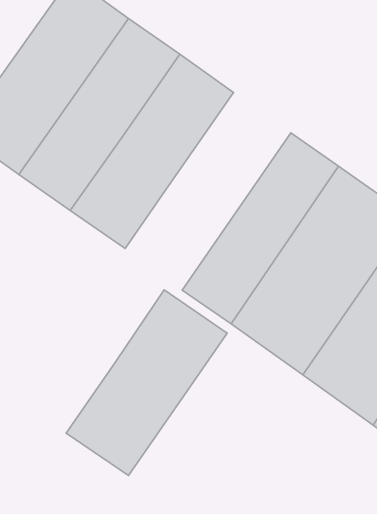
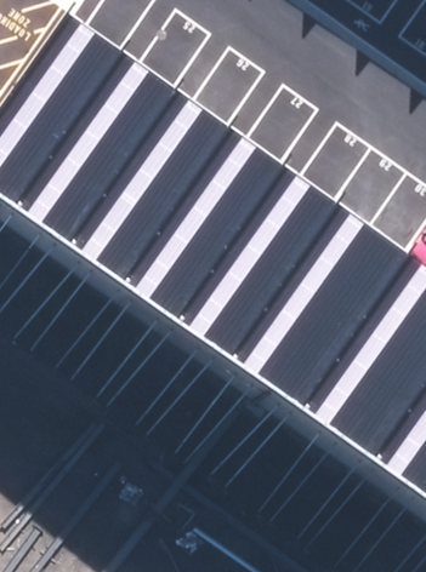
building: none -> [140,132,308,333]
building: [66,290,227,476] -> none

